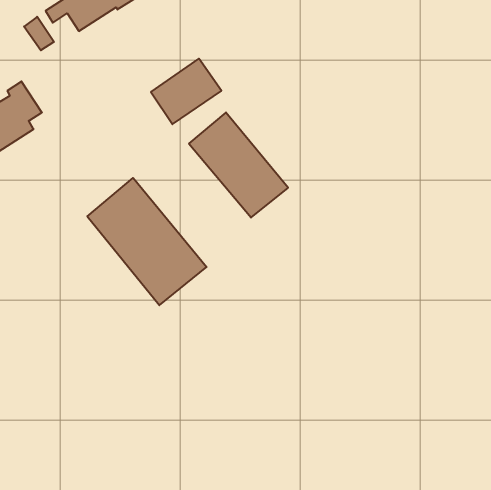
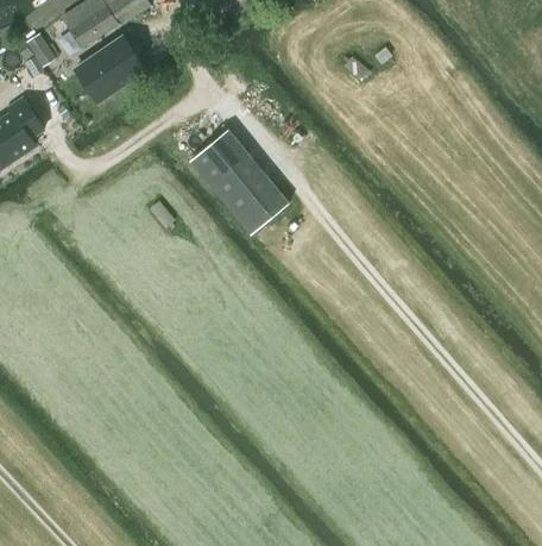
building: [151,59,221,124] -> [74,36,144,101]
building: [87,178,207,305] -> none

